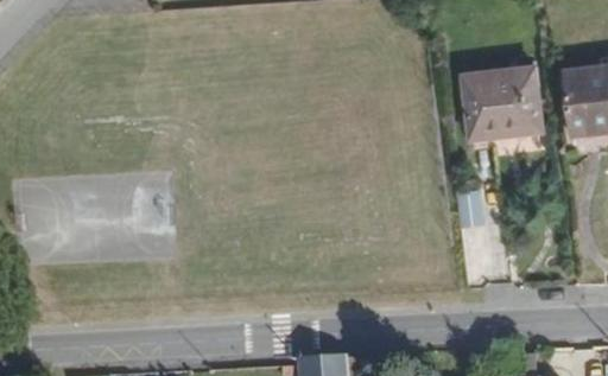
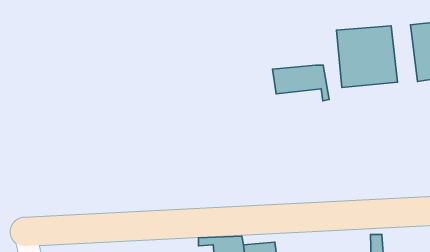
building: none -> [272,65,329,101]

